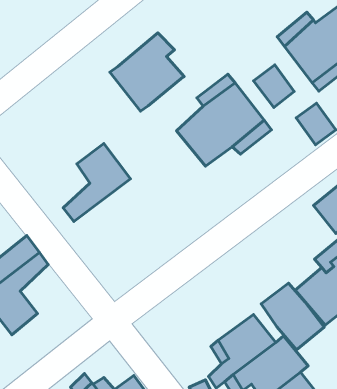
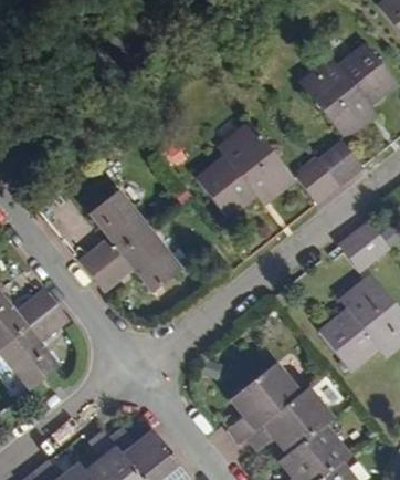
building: [110,33,184,111] -> none
building: [254,65,294,108] -> [296,164,338,208]
building: none -> [91,225,179,285]
building: [261,283,324,350] -> none

